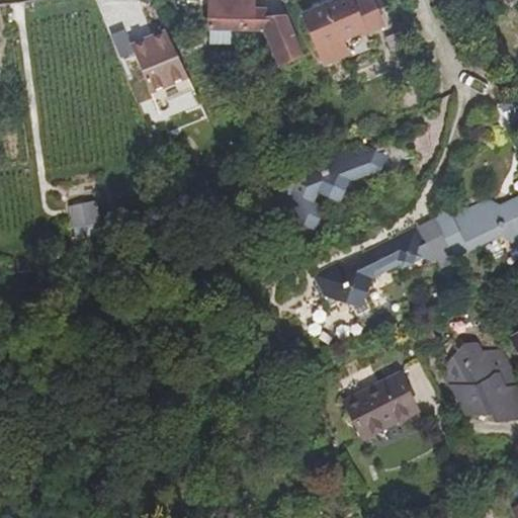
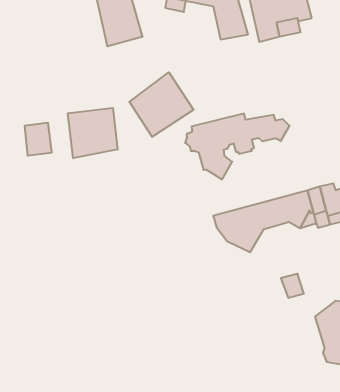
building: none -> [129,72,194,137]
building: none -> [68,108,118,158]
building: [339,372,411,434] -> none

